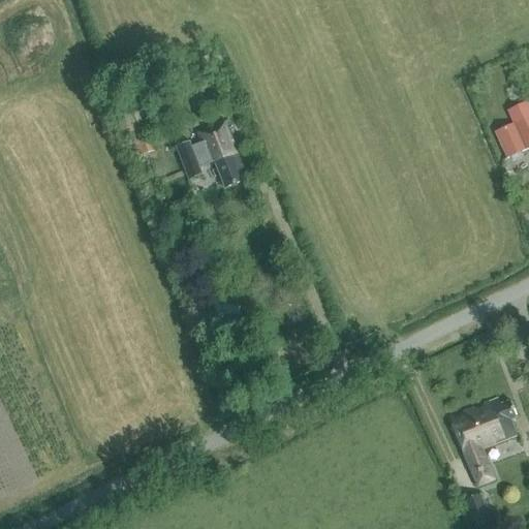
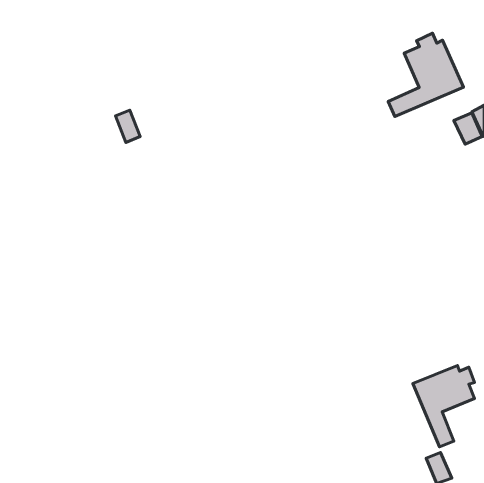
building: none -> [388,33,463,117]
building: [177,121,245,187] -> none

